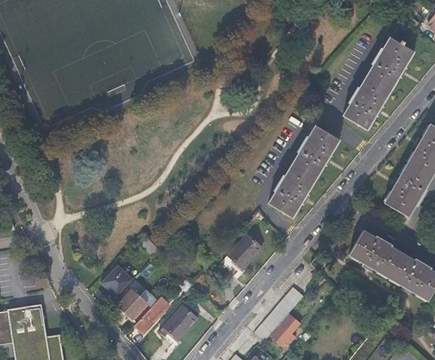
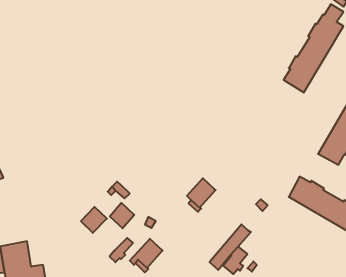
building: [268,124,339,218] -> none
building: [118,290,147,320] -> [110,203,134,228]

